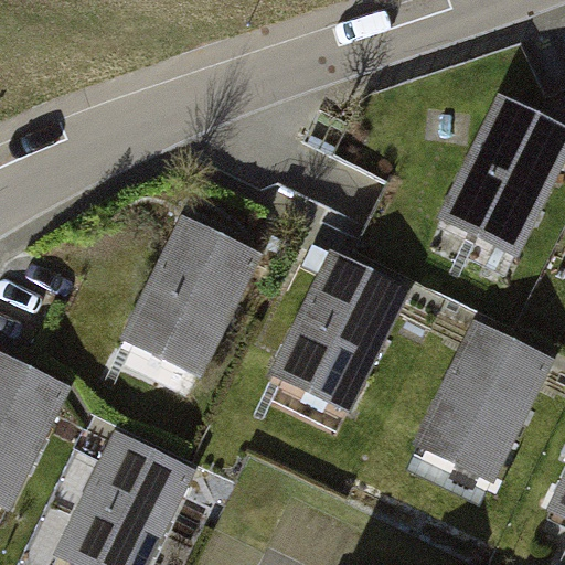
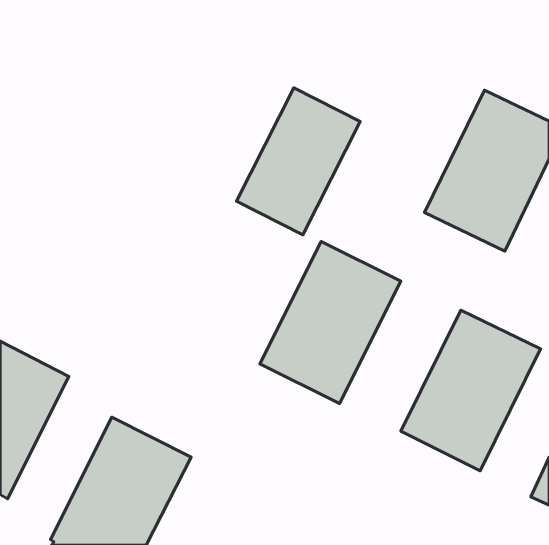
building: none -> [236,88,360,235]
building: [119,214,264,380] -> none

